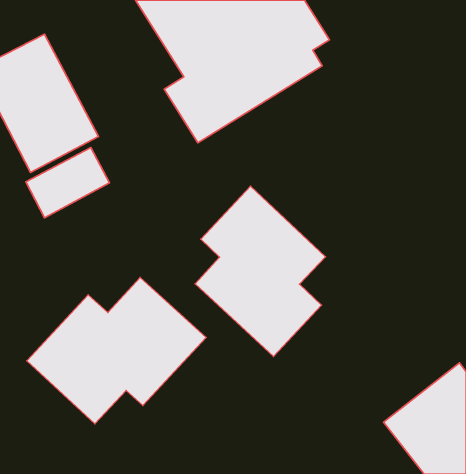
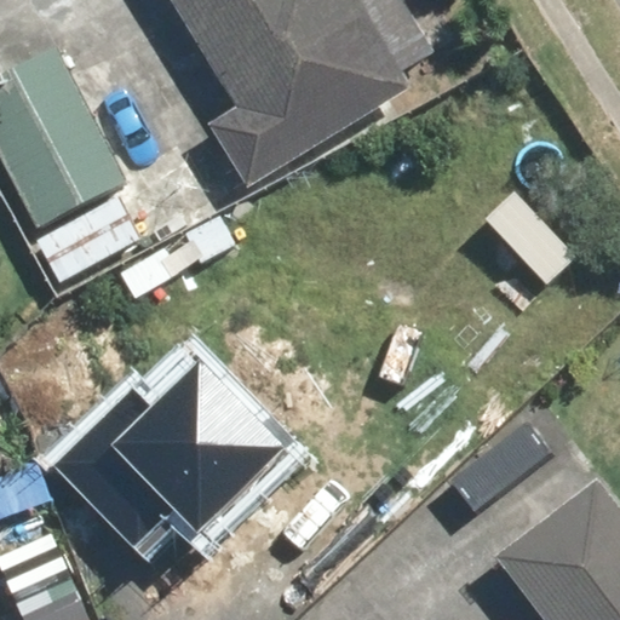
building: [195,186,325,357] -> none

